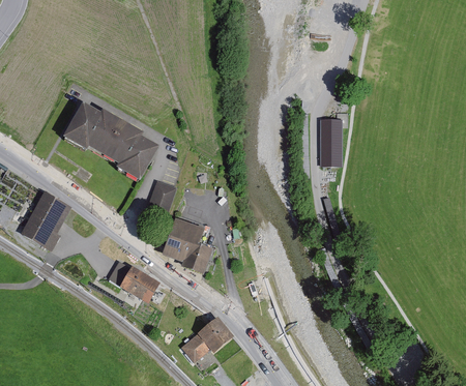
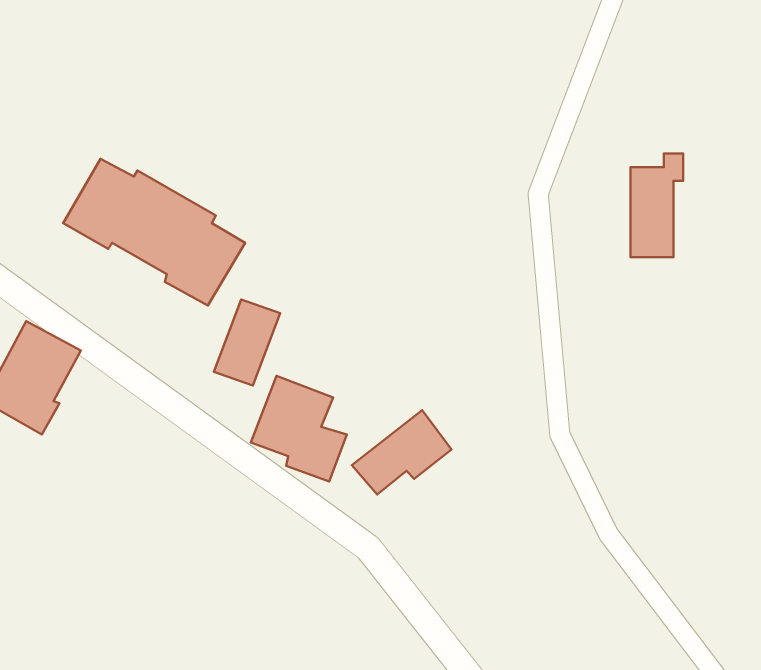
building: [319,110,347,165] -> [630,153,683,257]
building: [119,265,159,302] -> none
building: [180,316,233,360] -> [352,410,451,494]

